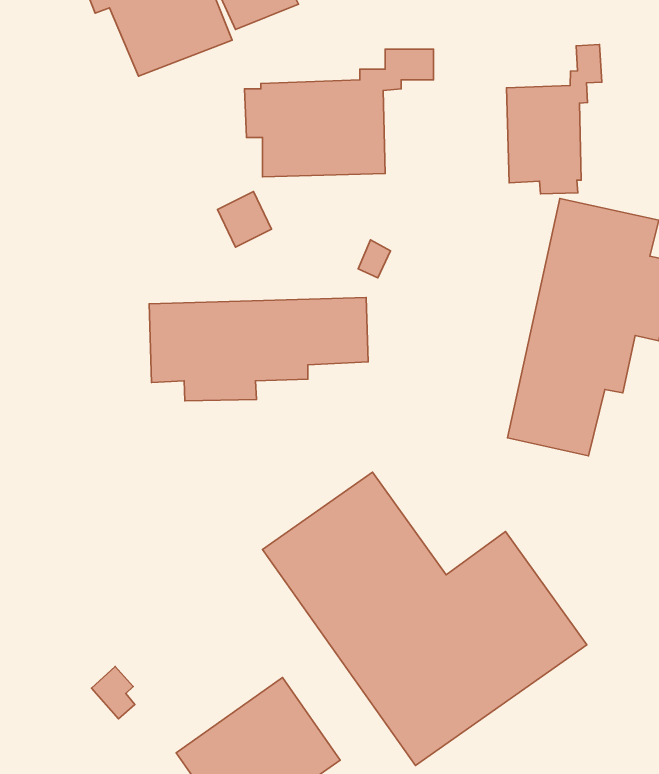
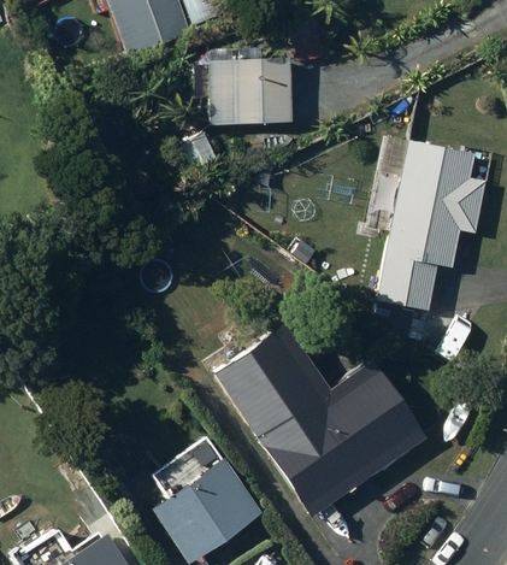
building: [506,44,602,194] -> none
building: [149,297,368,401] -> none

